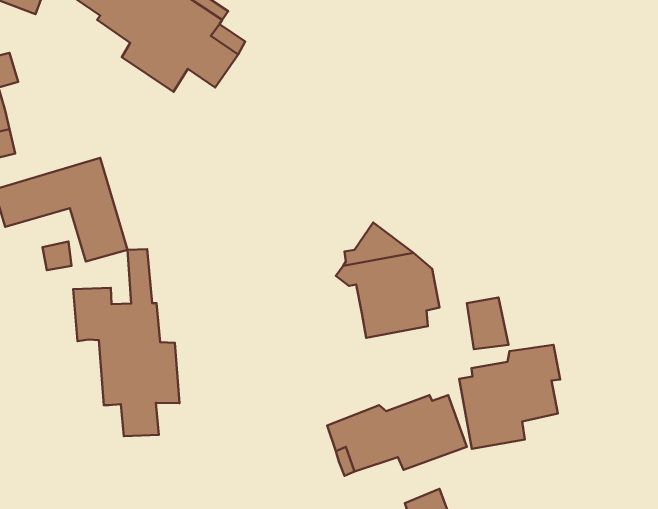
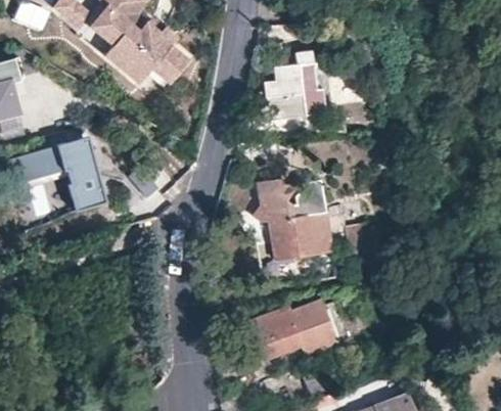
building: none -> [251,64,326,118]
building: [73,249,180,436] -> none
building: [459,345,560,449] -> none

